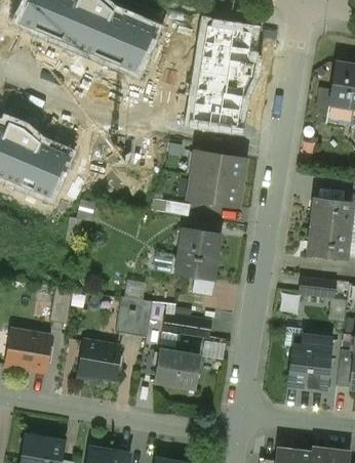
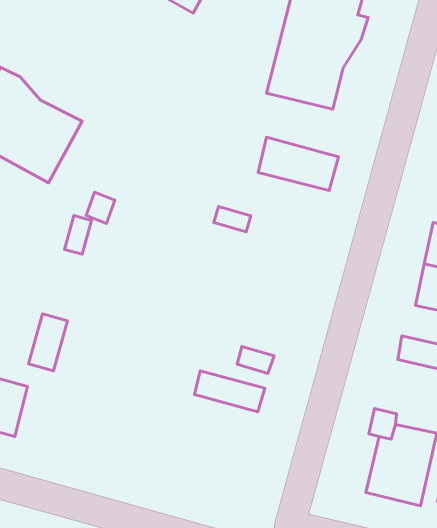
building: [188,175,241,207] -> none
building: [175,227,220,280] -> none
building: [116,296,153,337] -> none
building: [78,341,120,380] -> none
building: [155,349,200,388] -> none

